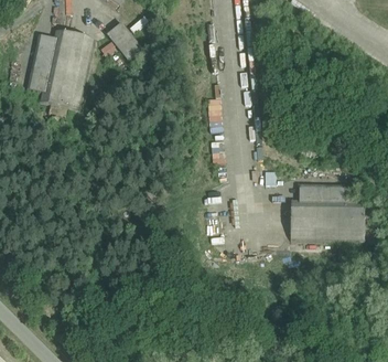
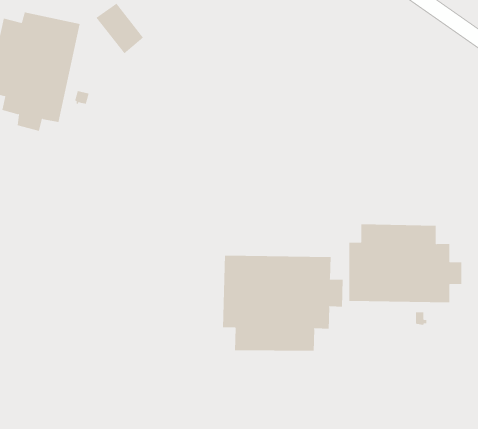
building: none -> [222,255,343,351]

